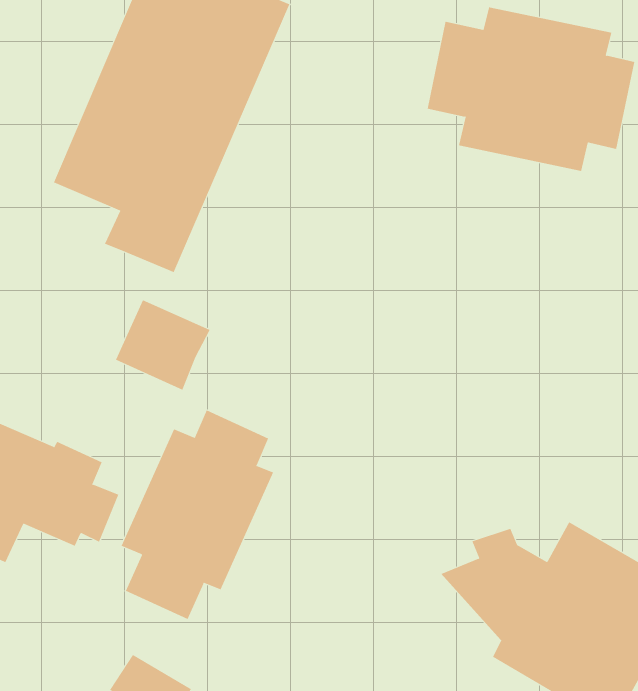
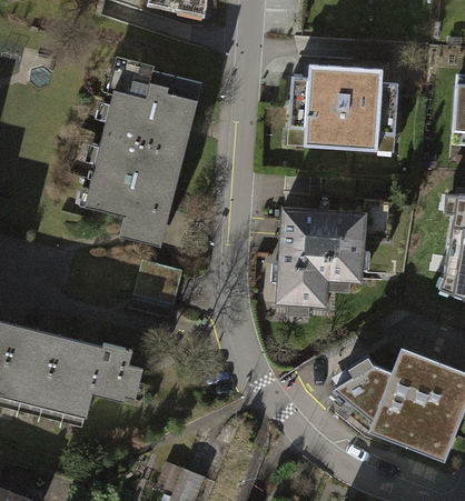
building: none -> [278,209,368,309]
building: [121,410,274,620] -> none

